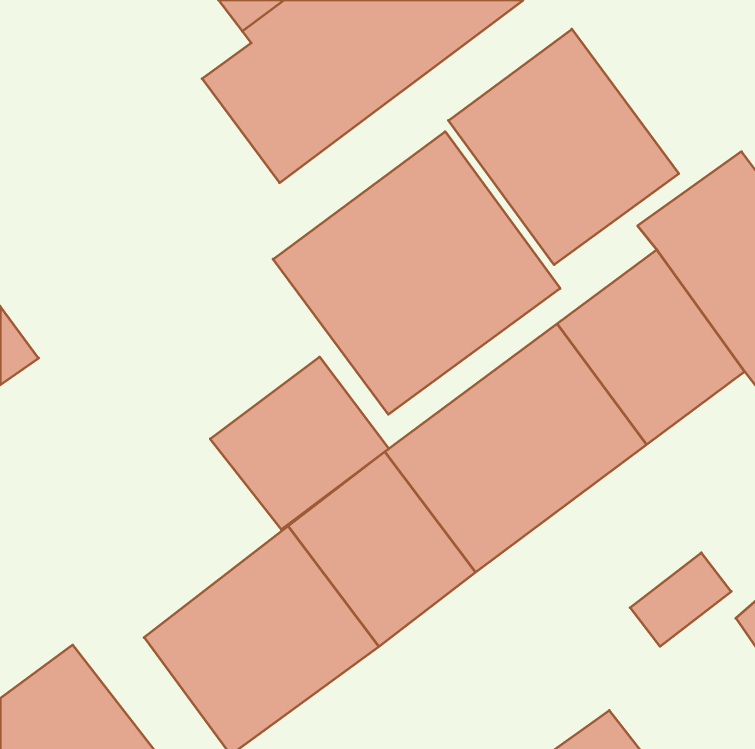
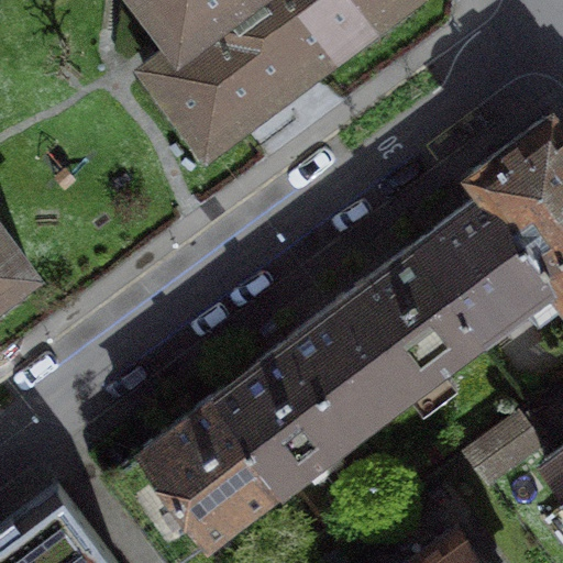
building: [448,29,679,265] -> none
building: [273,132,560,414] -> none
building: [210,357,389,530] -> none

